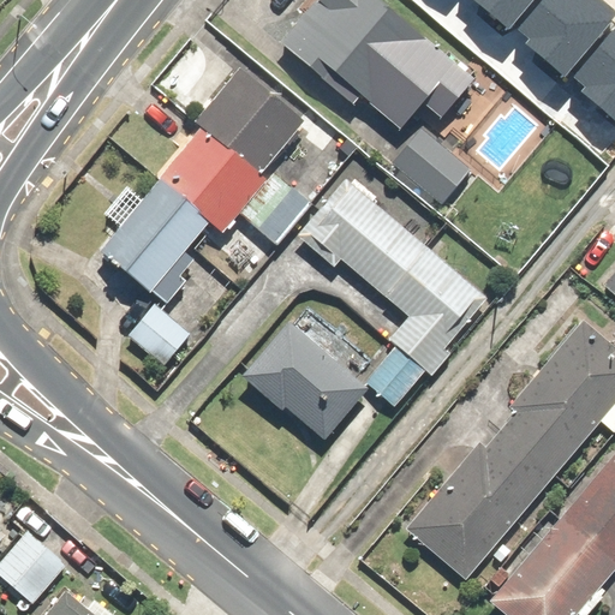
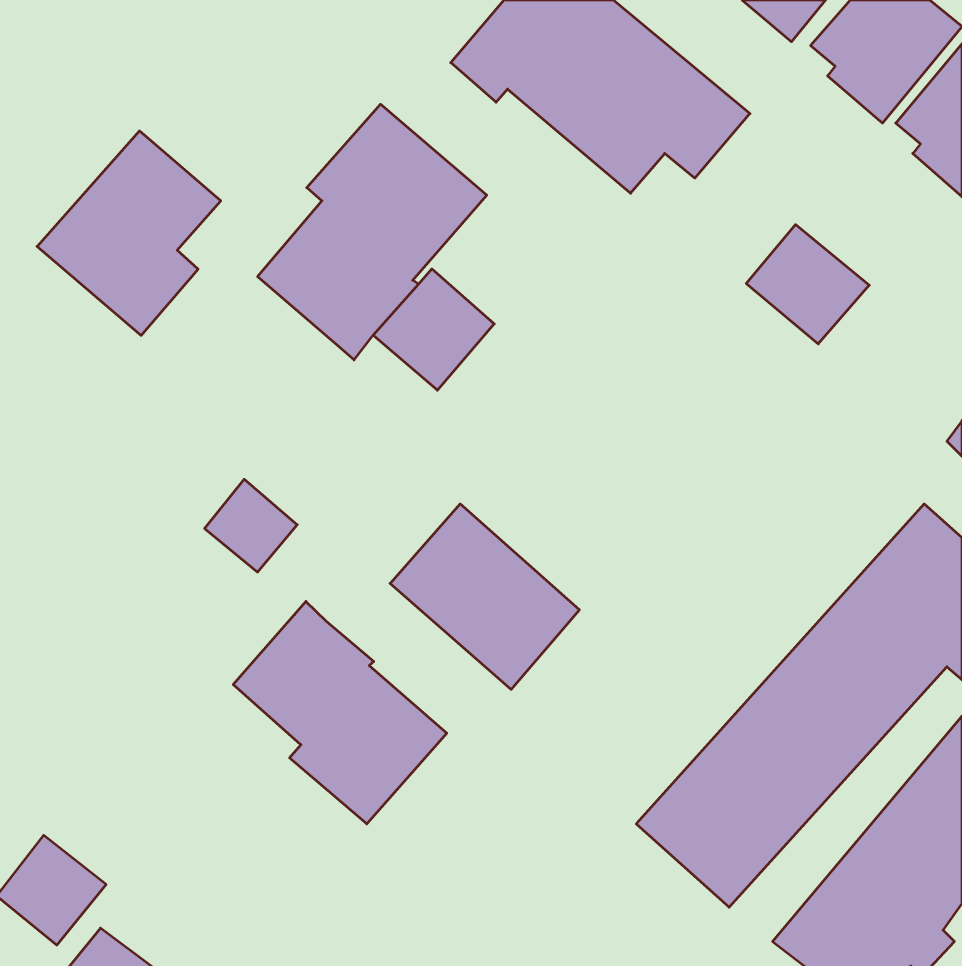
building: [390,130,468,205] -> [746,225,869,344]
building: [98,177,215,306] -> [37,131,221,335]
building: [297,177,492,406] -> none
building: none -> [233,601,447,824]

